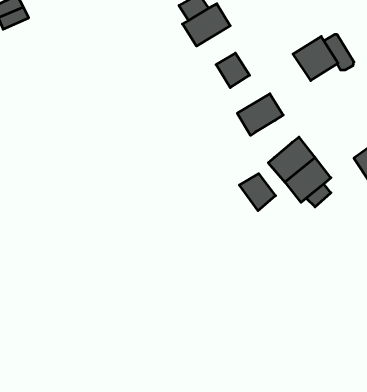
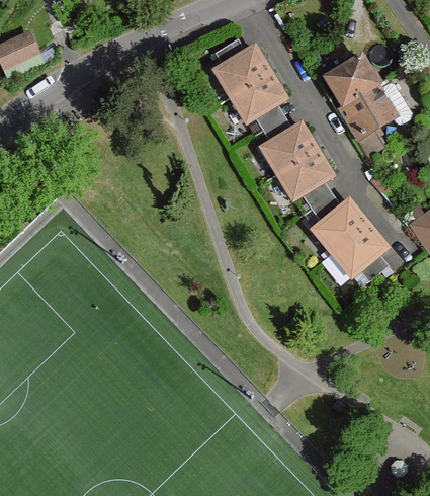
building: none -> [325,56,375,104]
building: none -> [231,72,284,121]
building: none -> [261,125,315,172]
building: [239,174,276,211] -> [298,180,340,223]

